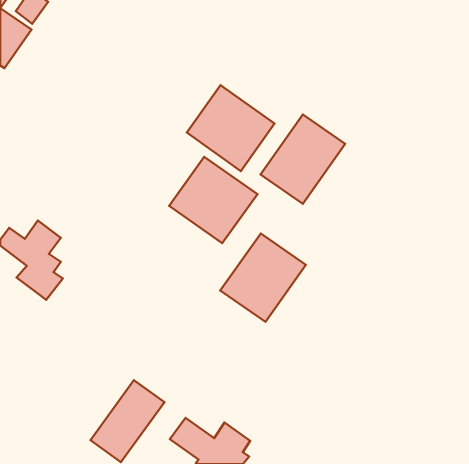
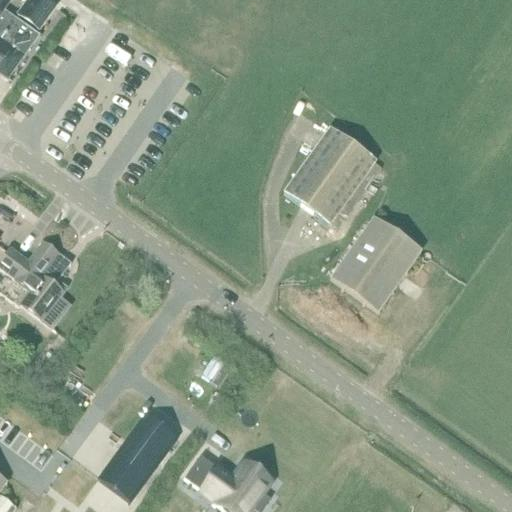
building: [187,85,274,171] -> none
building: [169,157,257,243] -> none
building: [220,233,306,322] -> [331,214,424,310]

